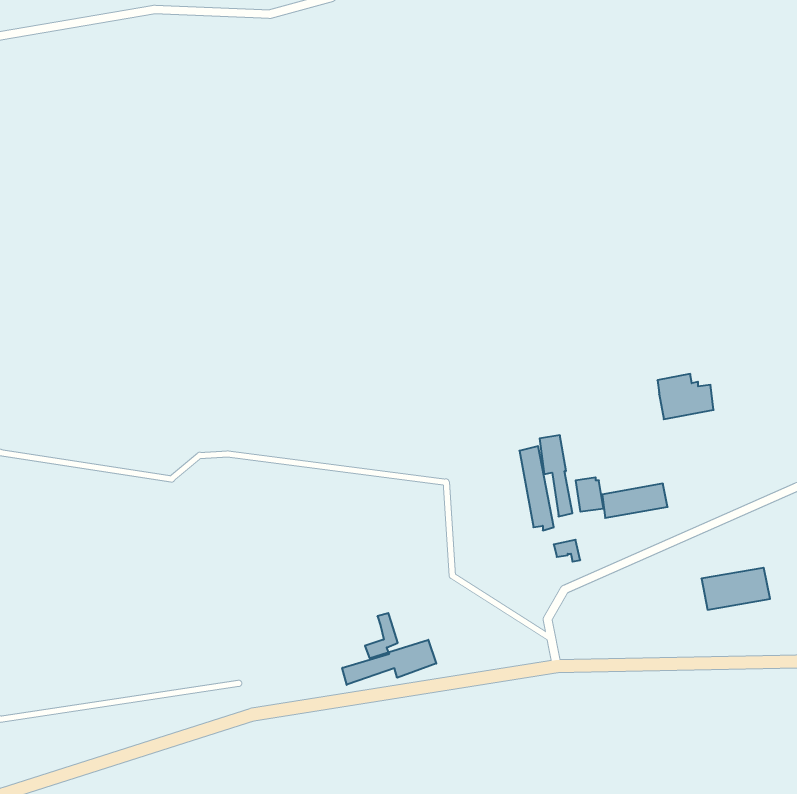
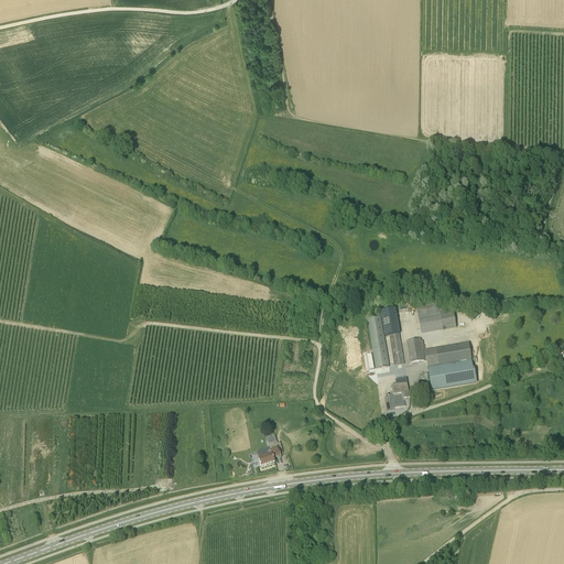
building: [657,374,714,419] -> [416,301,456,333]
building: [701,568,770,610] -> [427,359,476,389]
building: [342,640,436,685] -> none

